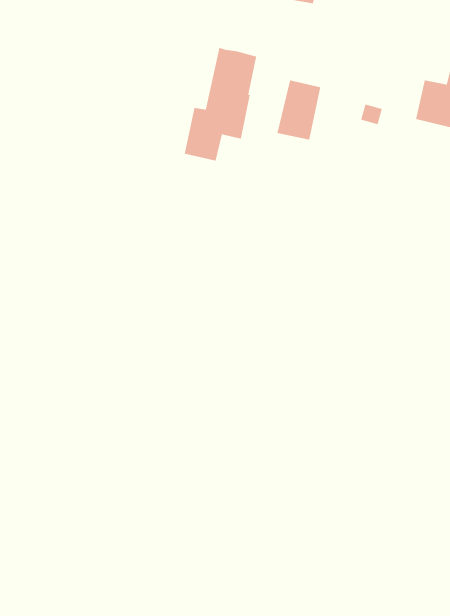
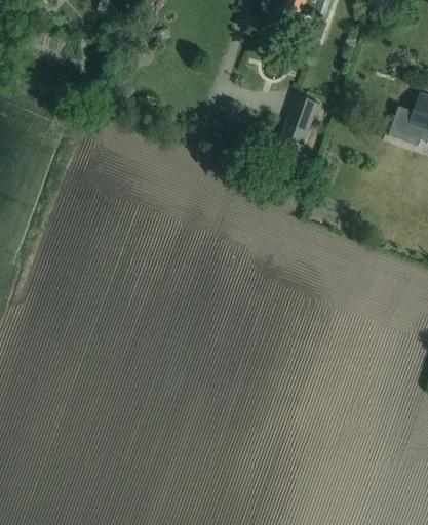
building: [184,47,259,162] -> none

